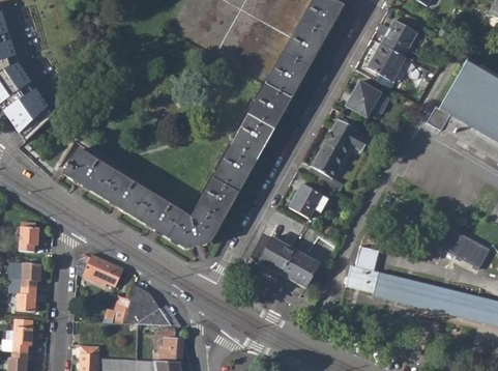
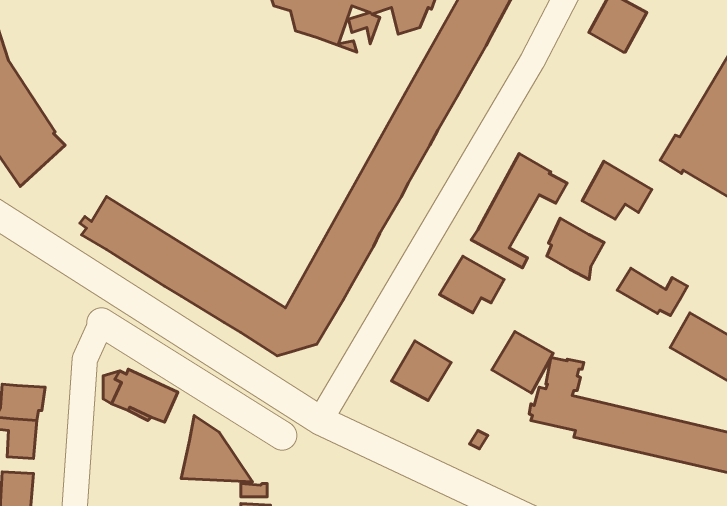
building: [368,44,403,88] -> none
building: [346,81,389,117] -> [582,161,652,219]
building: none -> [547,218,604,280]
building: none -> [617,268,688,316]
building: [20,221,38,249] -> none
building: [281,250,319,288] -> [492,332,553,393]
building: [105,296,131,322] -> none

